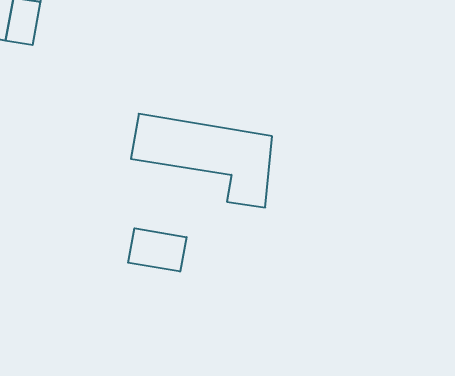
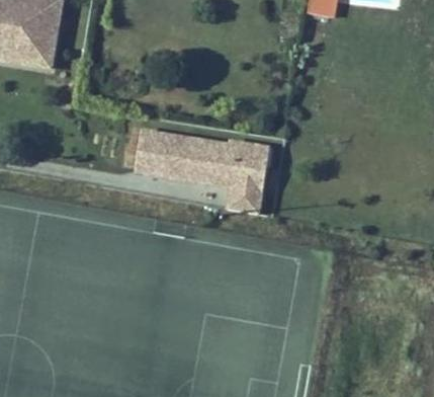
building: [128,228,187,272] -> none

